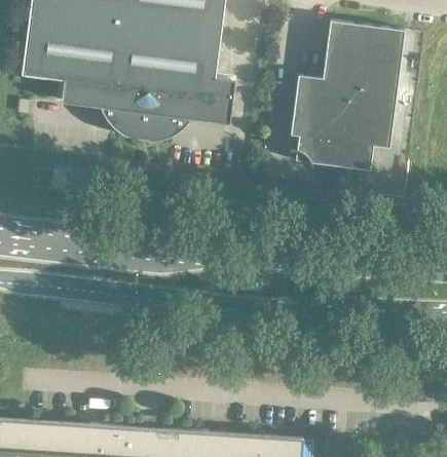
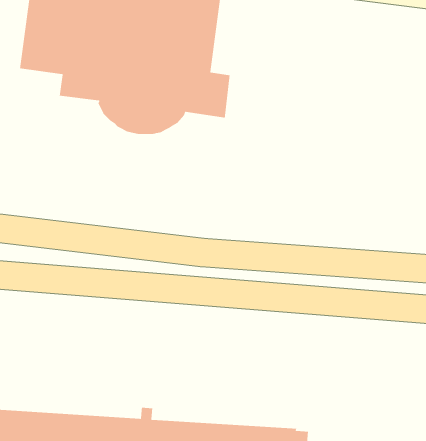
building: [289,21,405,169] -> none

